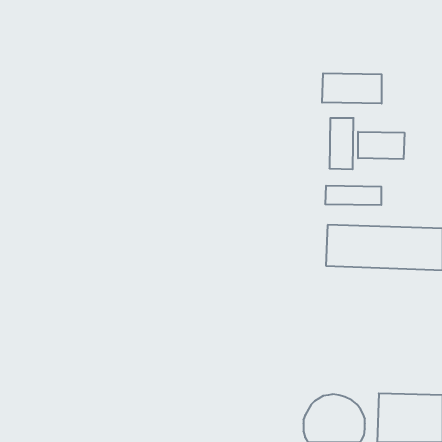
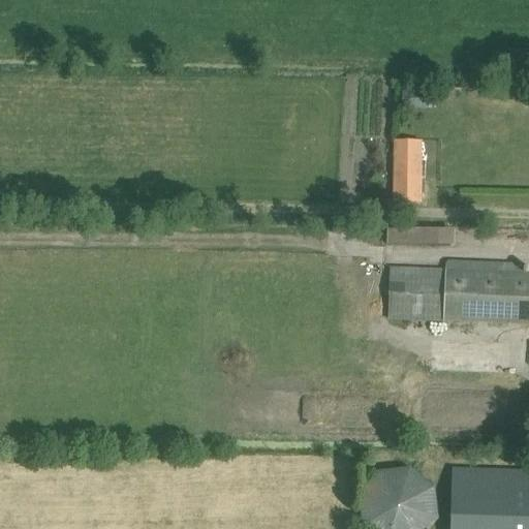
building: [322,73,382,104] -> none
building: [358,132,404,159] -> none

